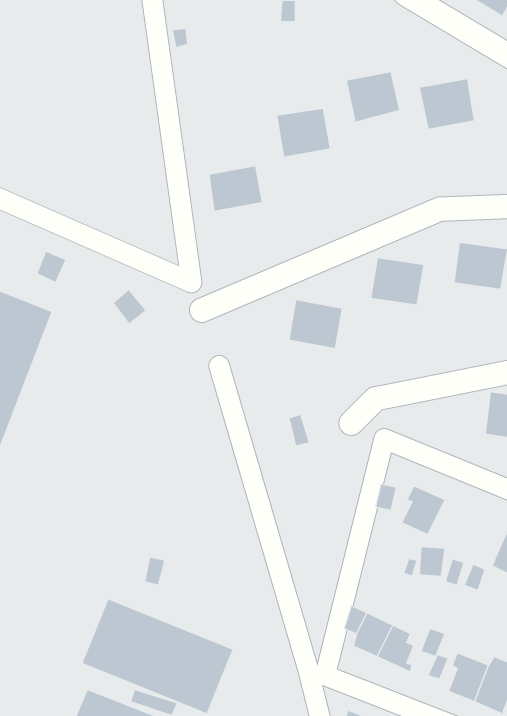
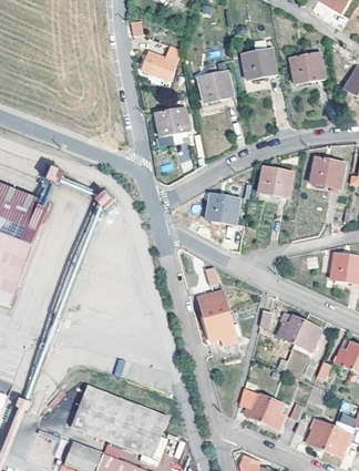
building: none -> [142,45,181,81]
building: none -> [198,290,238,349]
building: none -> [294,320,320,350]

